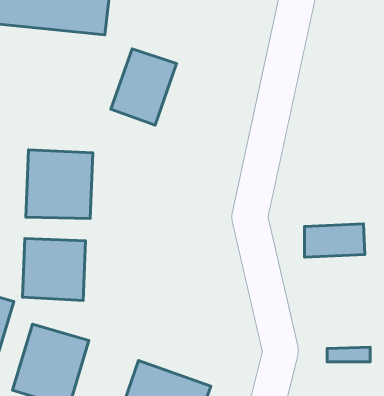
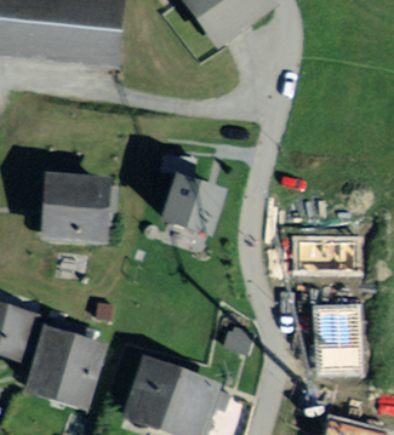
building: [111,49,176,125] -> [161,176,221,245]
building: [23,238,86,301] -> none

